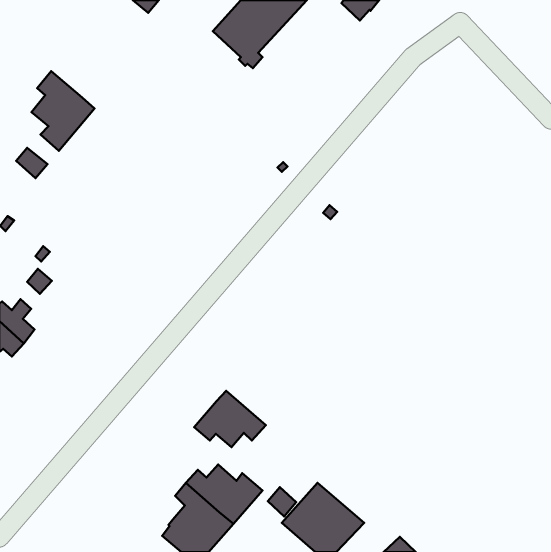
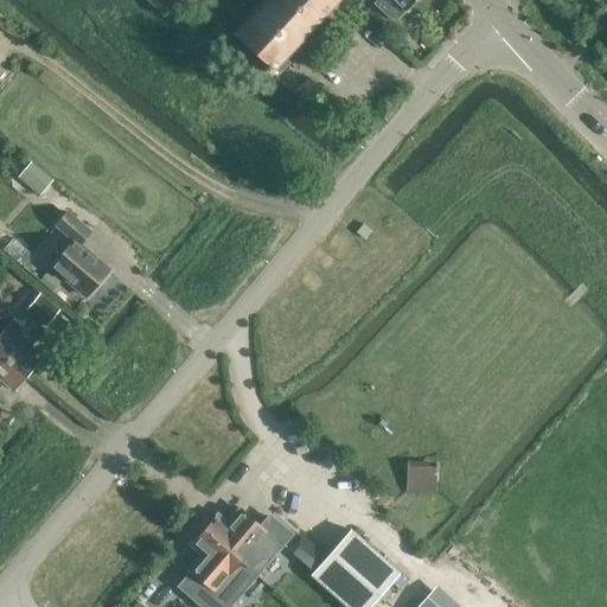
building: [31,71,95,151] -> none
building: none -> [50,212,108,296]
building: [194,391,266,447] -> none
building: none -> [407,462,437,491]

